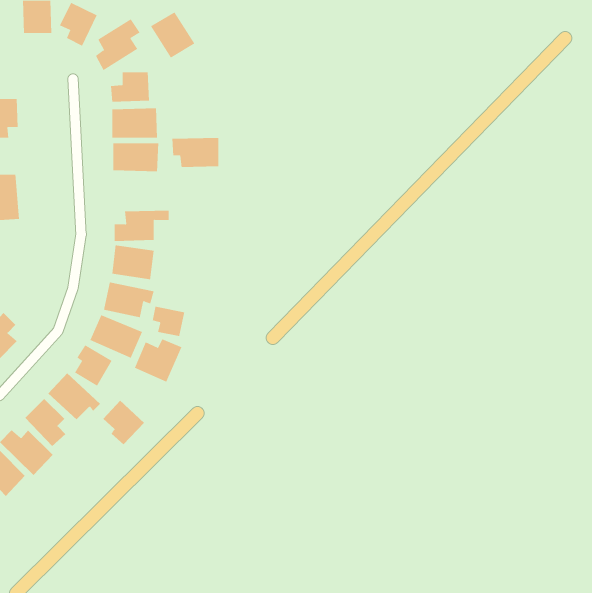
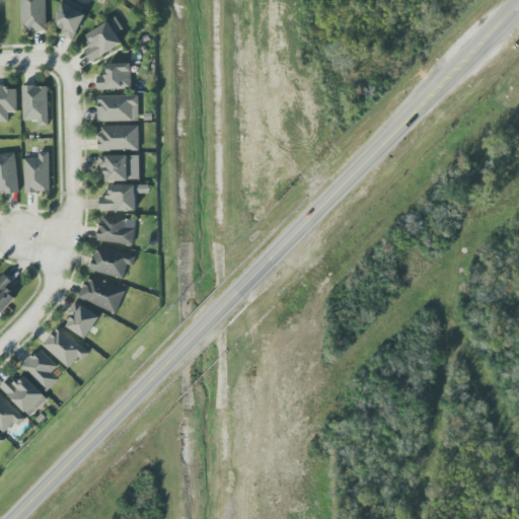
building: [150,11,195,59] -> none
building: none -> [21,85,48,125]
building: [171,137,219,168] -> [97,154,139,180]
building: none -> [23,151,49,192]
building: [152,306,185,337] -> none
building: [134,338,182,383] -> none
building: [103,400,145,445] -> none

